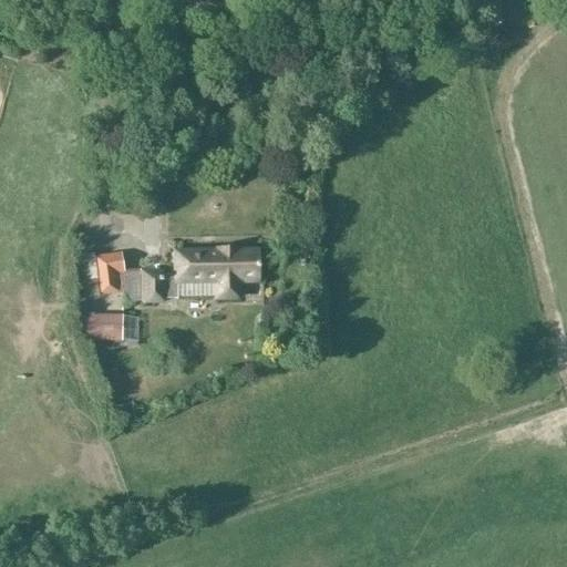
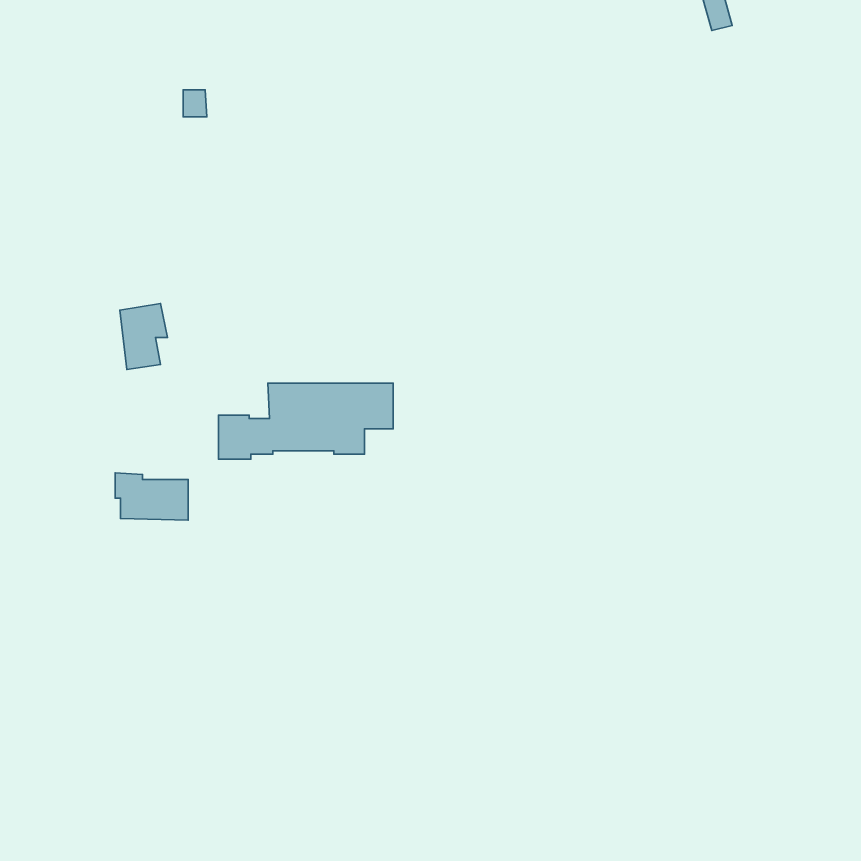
building: [96,250,127,293] -> [120,303,167,370]

